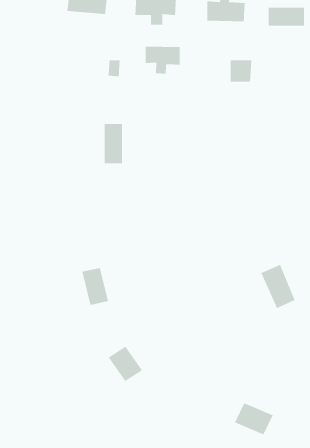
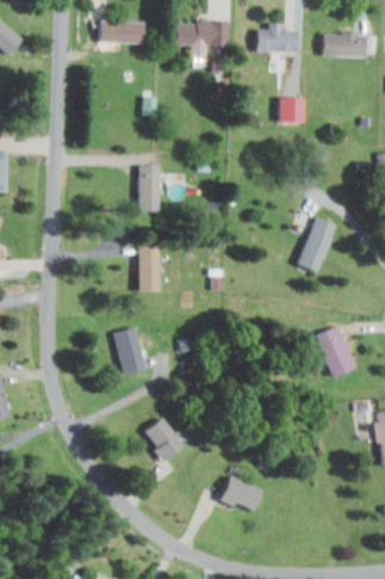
building: [145,46,180,74] -> none
building: none -> [298,217,336,272]
building: none -> [137,247,160,290]
building: [234,402,273,435] -> [219,476,263,513]

